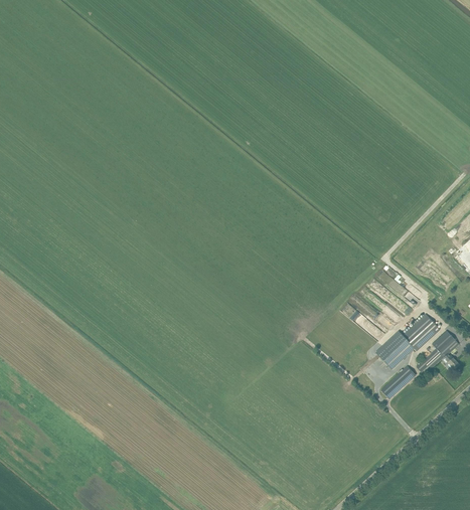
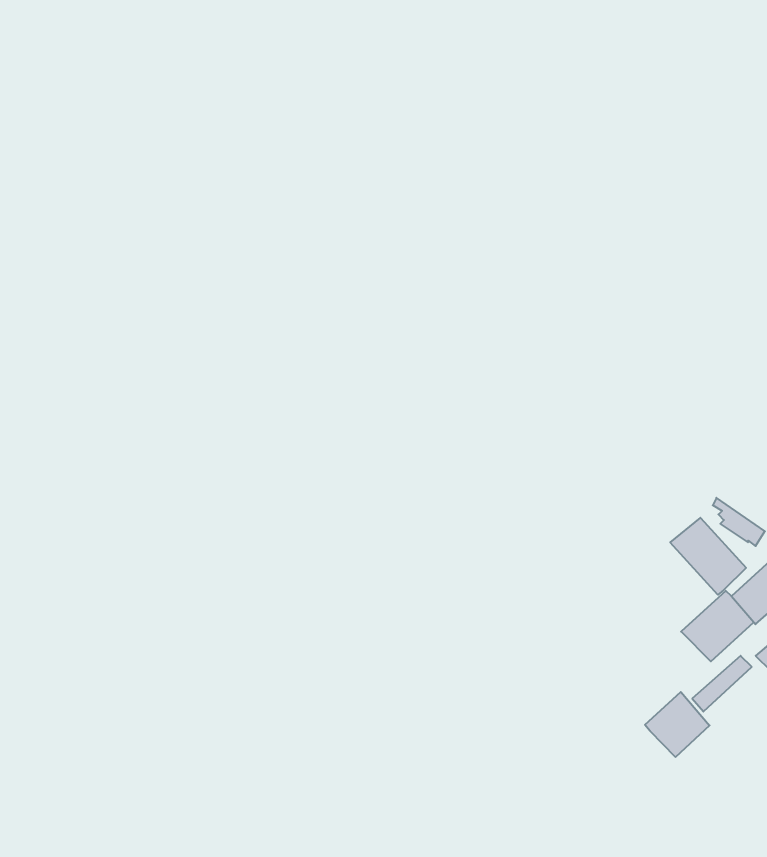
building: none -> [670,518,746,595]
building: none -> [645,692,710,757]

